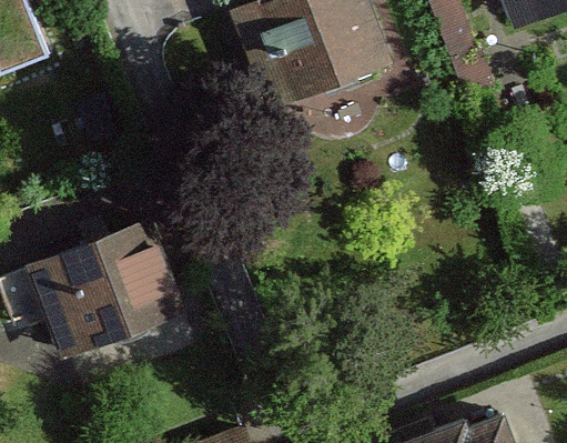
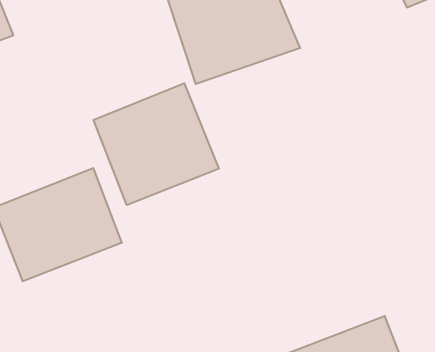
building: none -> [94,83,219,205]

